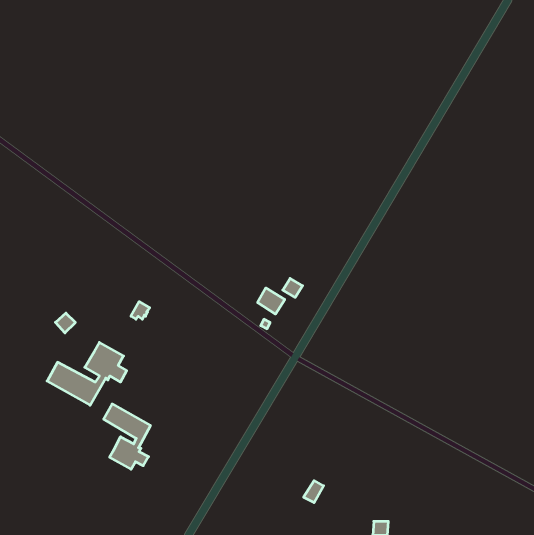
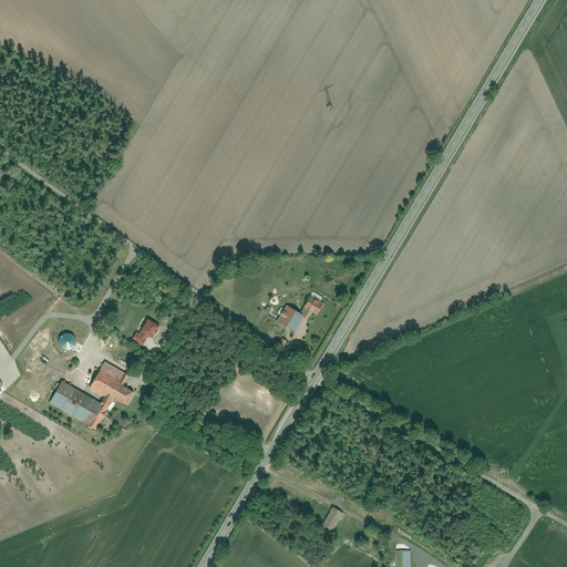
building: [104,404,150,469] -> none

